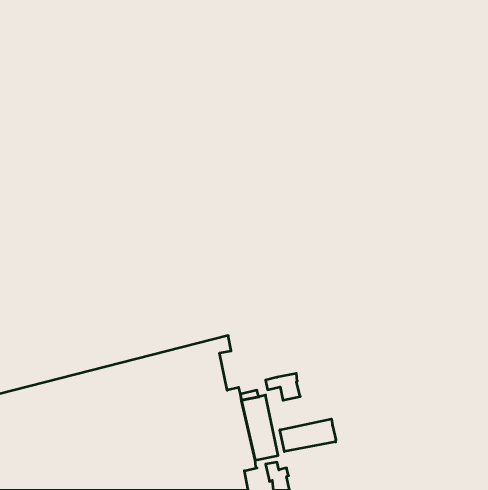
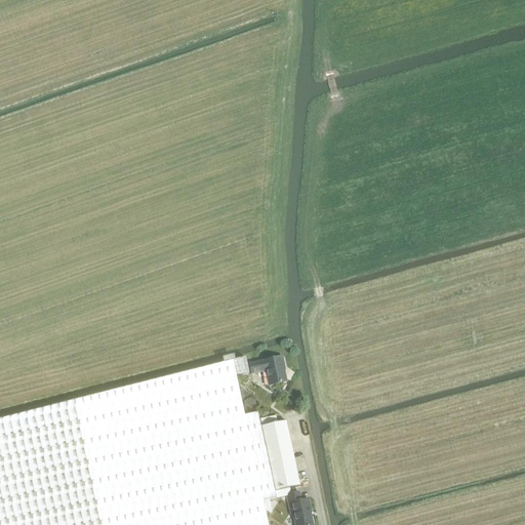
building: [266,373,300,400] -> [248,359,285,388]
building: [280,419,336,452] -> none

